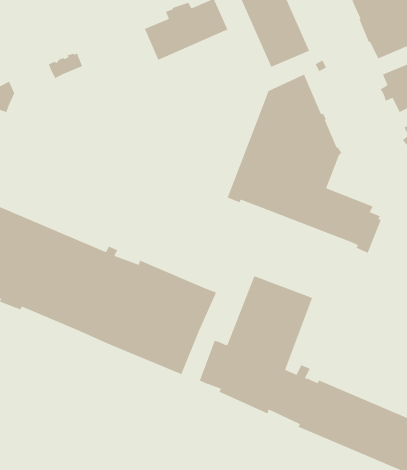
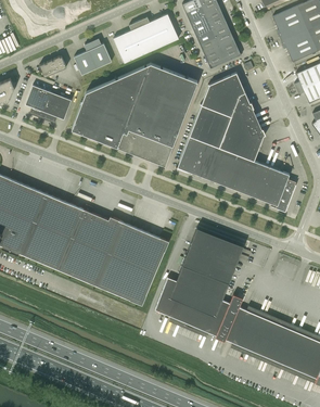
building: none -> [74,39,112,75]
building: none -> [72,63,197,166]
building: none -> [25,85,72,123]

